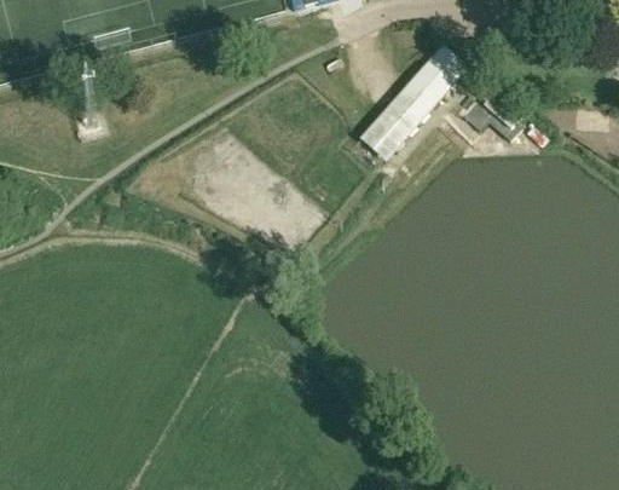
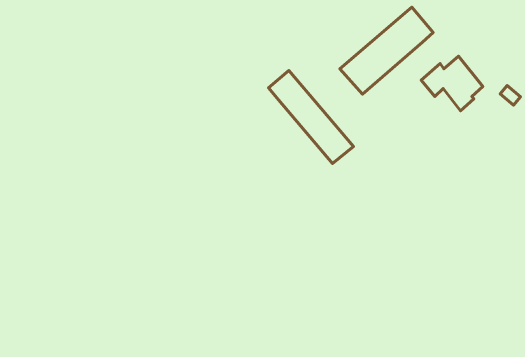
building: none -> [269,71,354,164]

